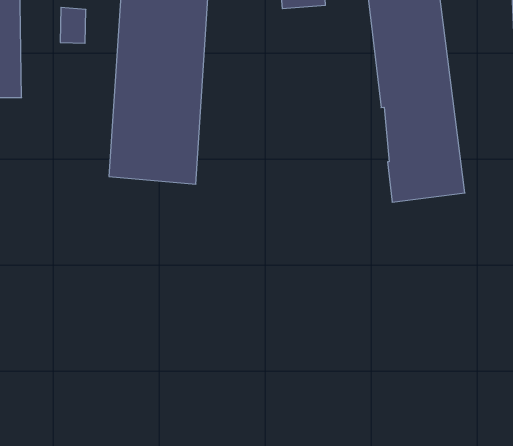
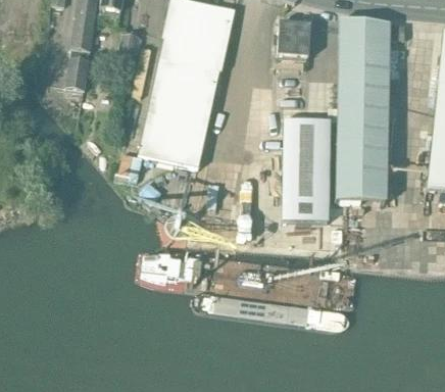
building: none -> [282,115,330,217]

